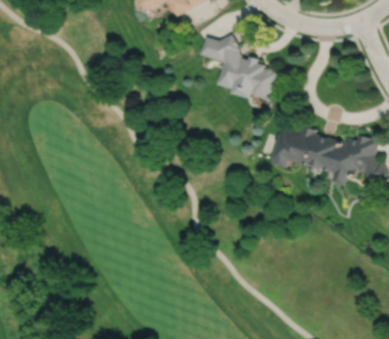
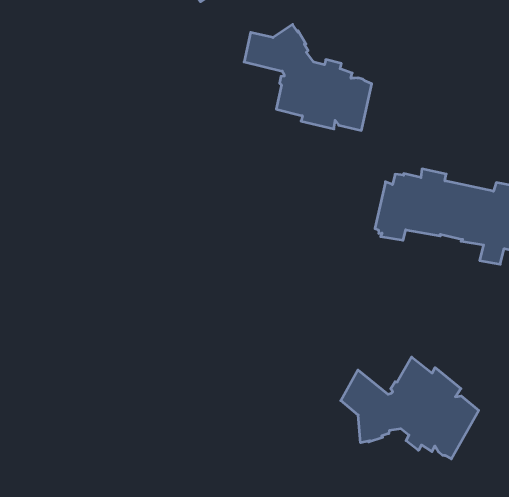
building: none -> [341,357,479,459]

